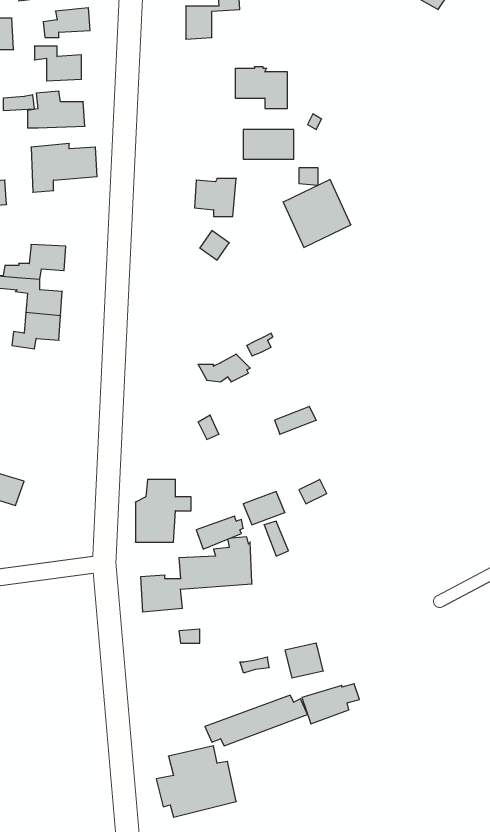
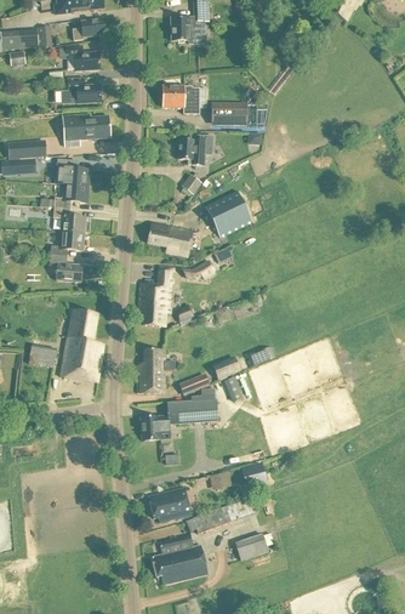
building: [235,67,287,108] -> [162,84,199,113]
building: [283,180,351,247] -> [204,188,251,235]
building: none -> [56,158,89,184]
building: none -> [147,222,190,254]
building: none -> [49,254,81,282]
building: none -> [137,263,173,325]
building: none -> [59,308,103,381]
building: none -> [147,485,190,521]
building: [302,684,359,724] -> [234,531,274,559]

